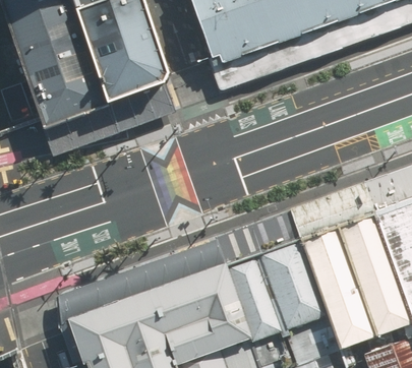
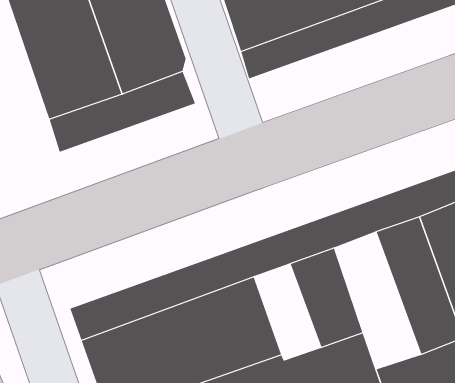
building: [298,225,374,347] -> none
building: [227,253,286,339] -> none

